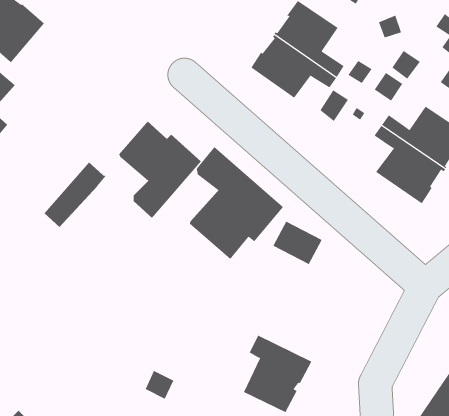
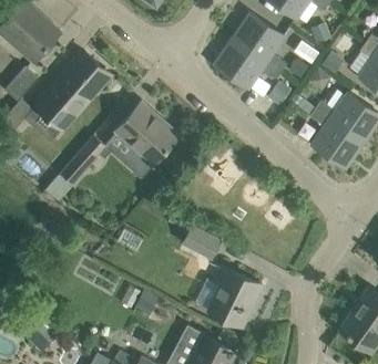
building: none -> [37,52,111,129]
building: [189,146,284,260] -> none
building: [273,221,323,265] -> [184,226,222,259]

